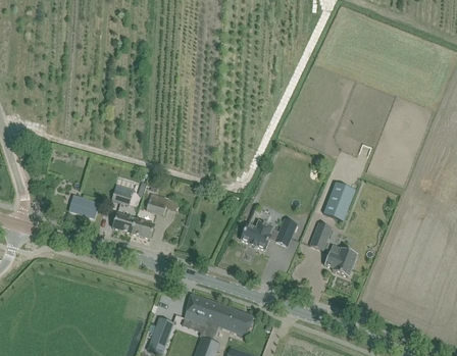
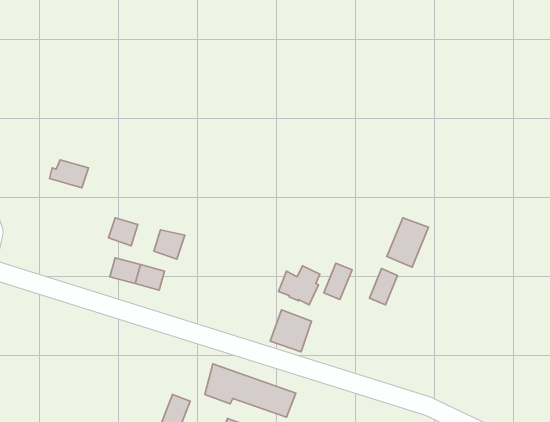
building: [68,197,98,218] -> [50,160,88,188]
building: [323,248,356,276] -> none
building: none -> [270,310,311,352]

